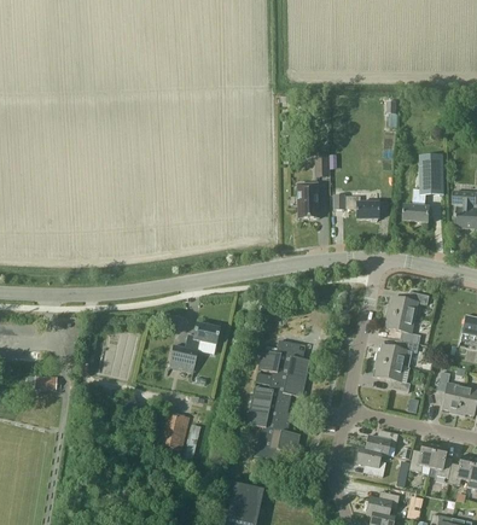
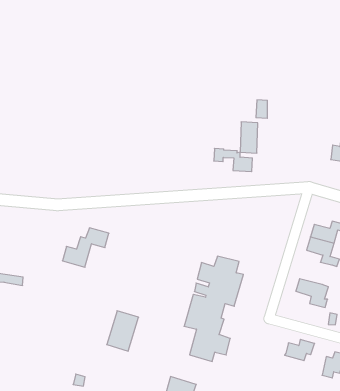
building: [333,194,378,218] -> [214,148,252,172]
building: [168,322,220,368] -> [62,228,109,267]
building: [376,340,413,366] -> none
building: [355,447,385,477] -> none

